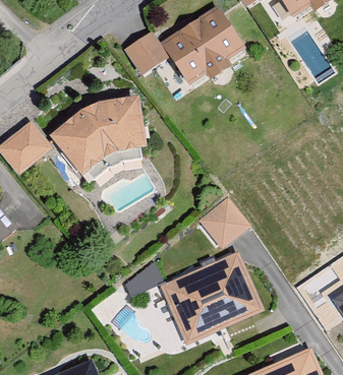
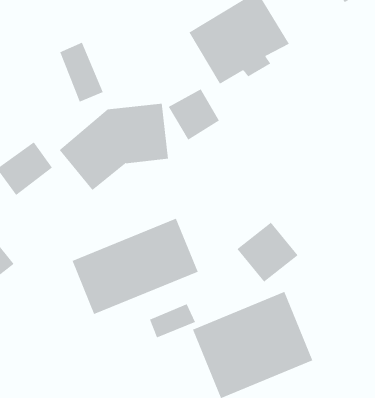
building: [122,32,165,74] -> [168,88,220,140]
building: none -> [59,42,104,102]
building: none -> [72,218,198,315]

